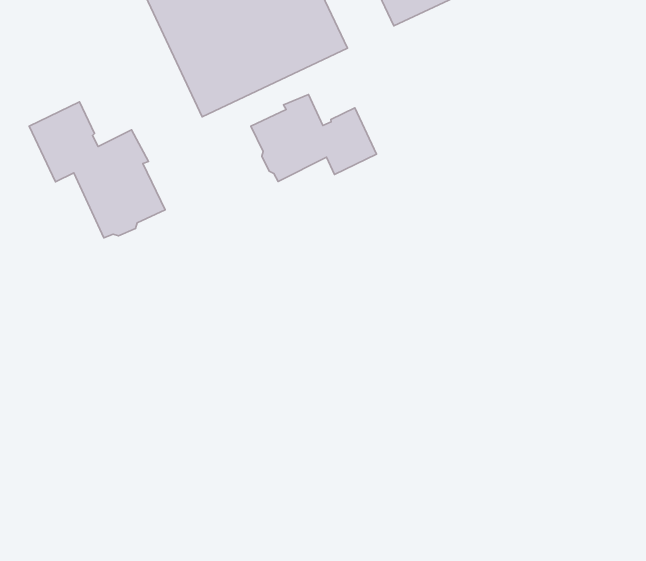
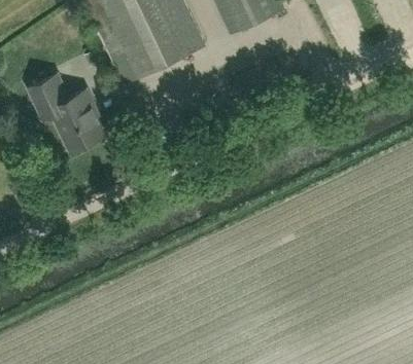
building: [251,94,376,181] -> none

